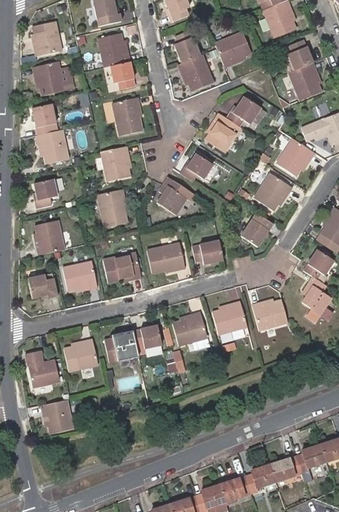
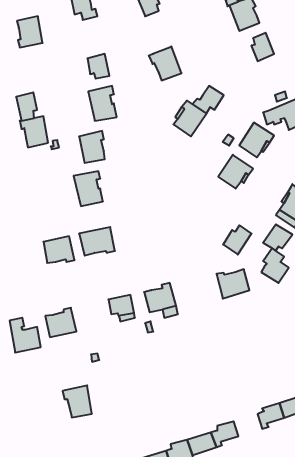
building: [175,29,201,62] -> none
building: [215,30,252,67] -> none
building: [98,33,130,68] -> none
building: [34,61,76,96] -> none
building: [291,62,324,100] -> none
building: [180,153,213,181] -> none
building: [154,177,195,216] -> none
building: [34,179,57,208] -> none
building: [242,214,273,246] -> [223,225,252,255]
building: [35,220,64,254] -> none
building: [192,240,223,264] -> none
building: [147,242,185,272] -> none
building: [27,274,57,298] -> none
building: [213,301,248,335] -> none
building: [105,330,139,363] -> none
building: [40,399,72,434] -> [63,385,92,417]
building: [271,455,302,479] -> none

